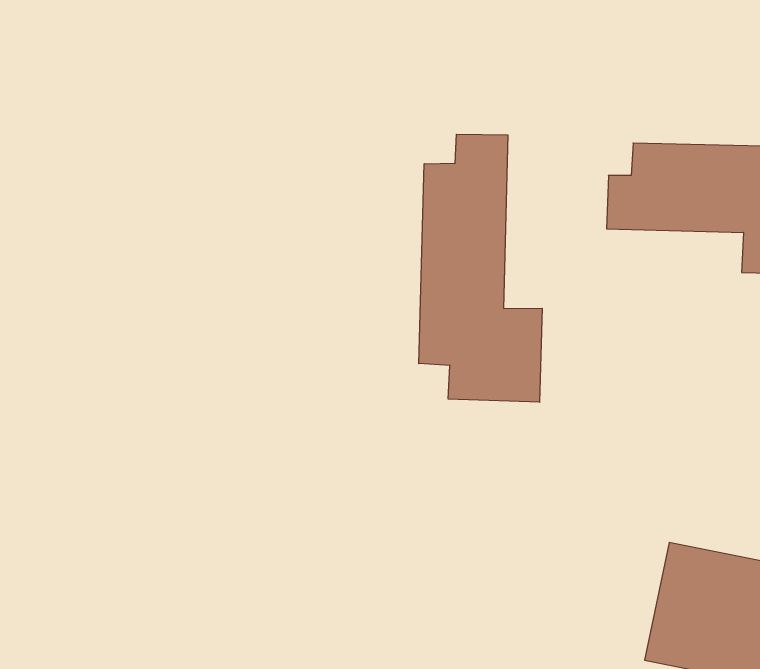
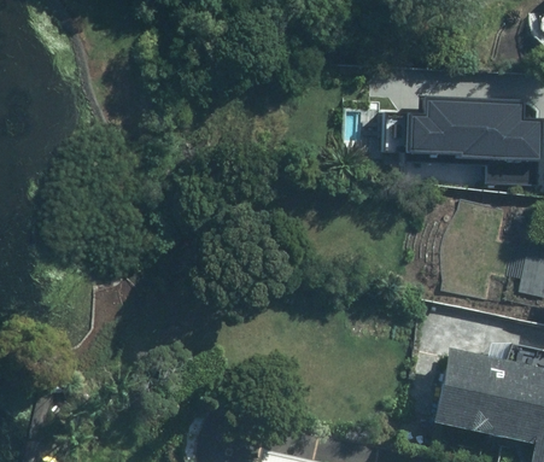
building: [419,134,542,402] -> none

